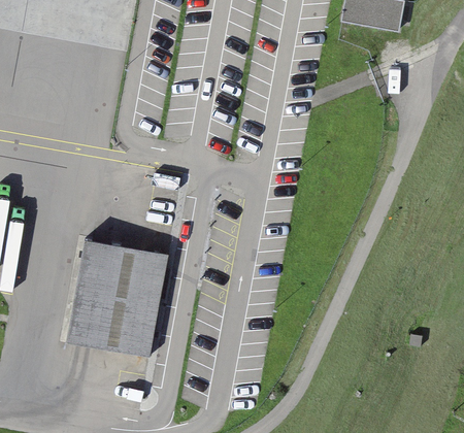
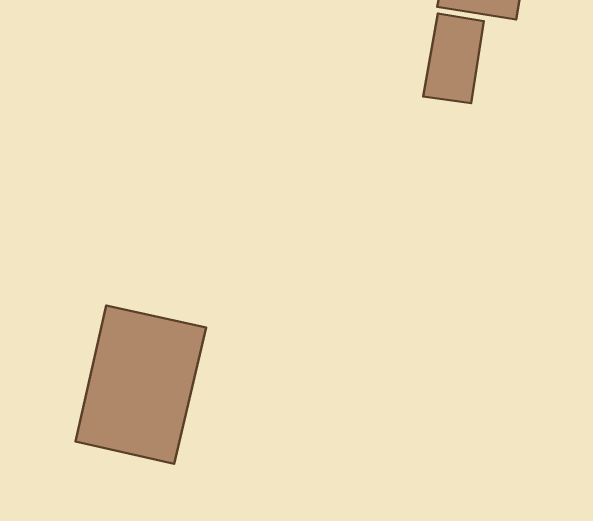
building: none -> [423,13,484,103]

